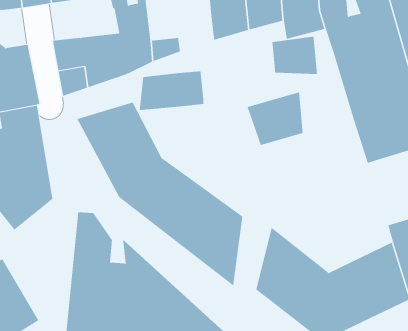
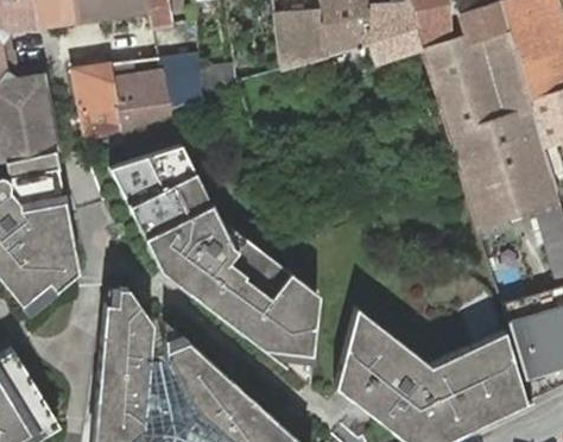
building: [272,36,318,75] -> none
building: [139,70,204,111] -> none
building: [247,91,303,146] -> none

